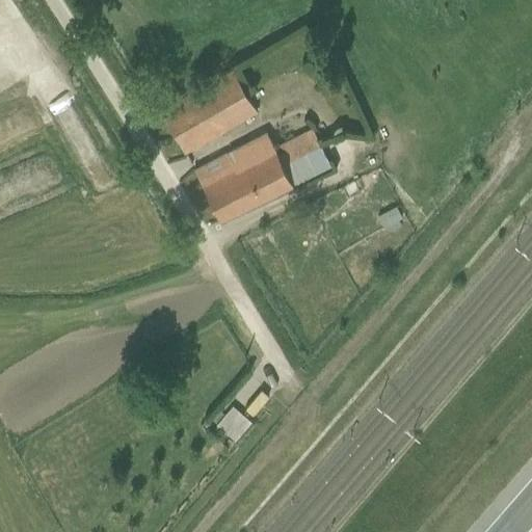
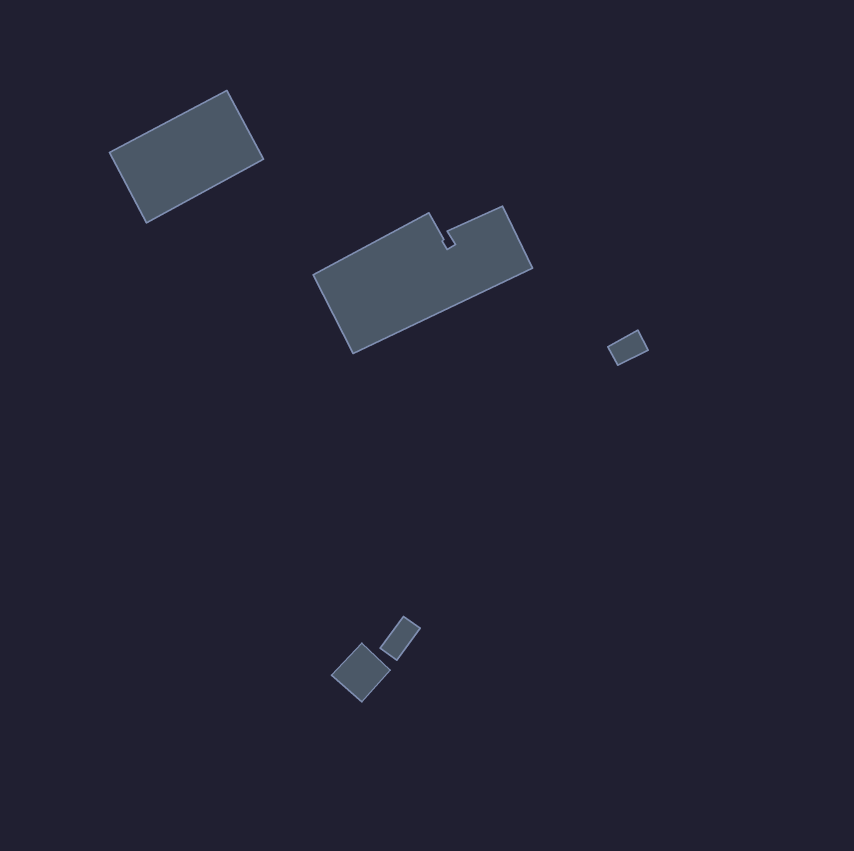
building: [162,73,258,155] -> [110,91,264,223]

